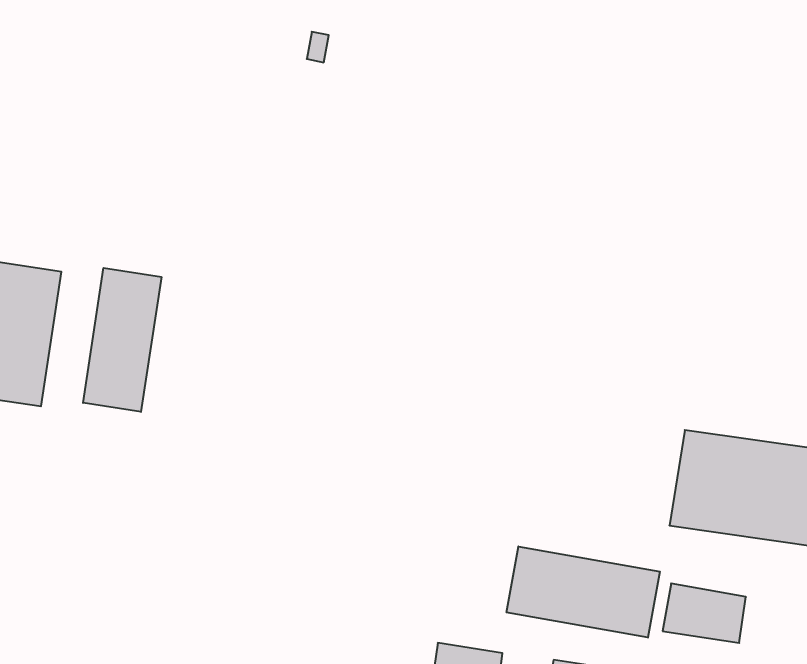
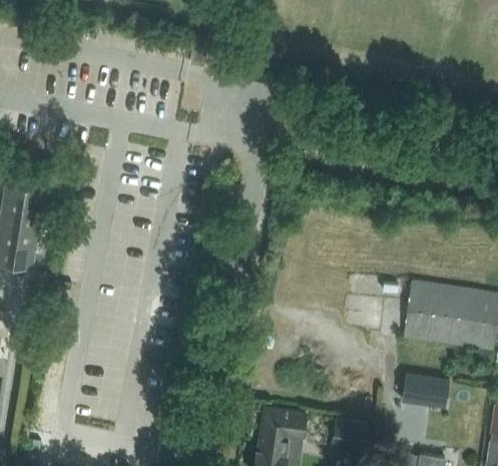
building: [83,268,161,412] -> none
building: [507,546,660,638] -> none

